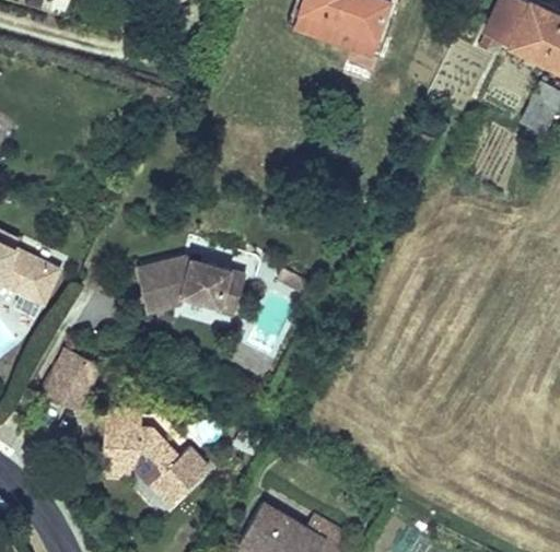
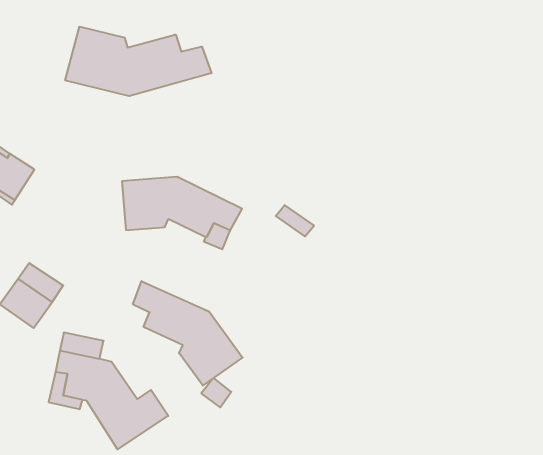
building: none -> [65,27,211,96]
building: none -> [133,281,243,386]

